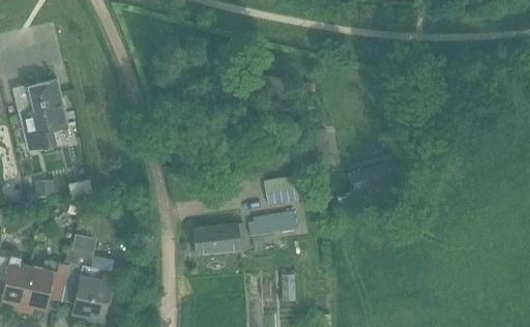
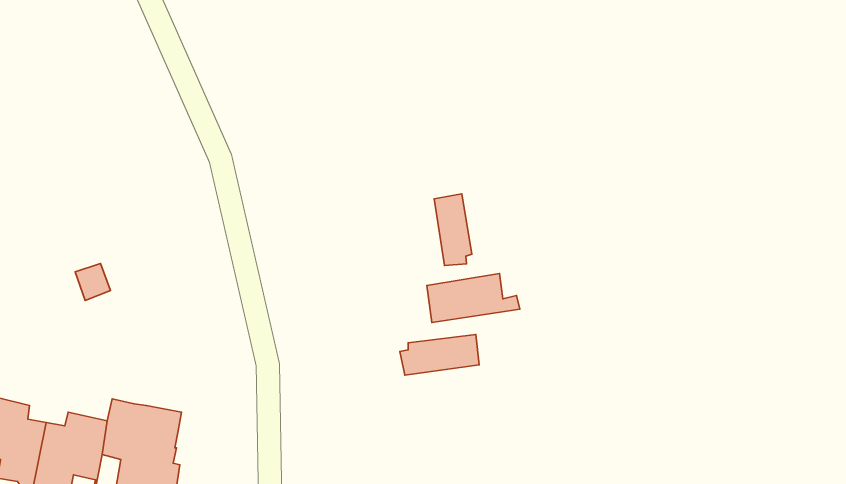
building: [20,80,67,150] -> none
building: none -> [434,194,472,265]
building: [193,225,244,252] -> none

